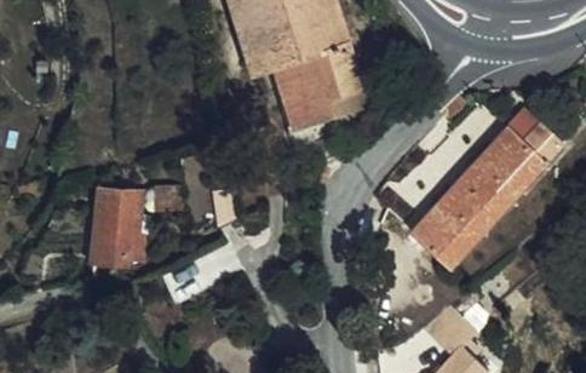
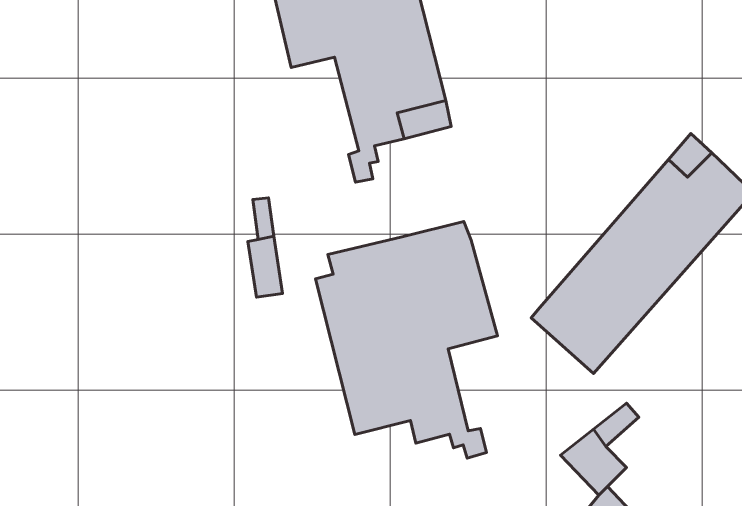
building: none -> [316,221,498,458]
building: [100,182,145,262] -> none

